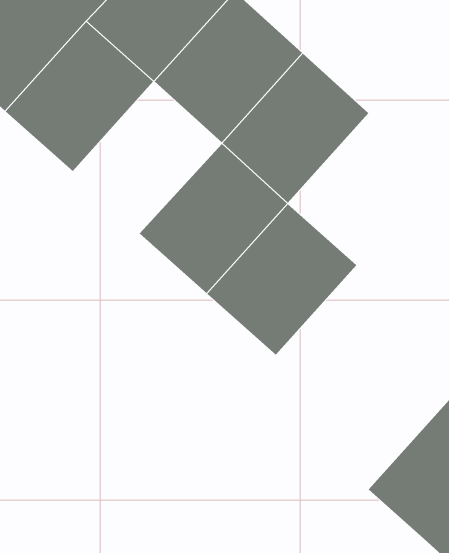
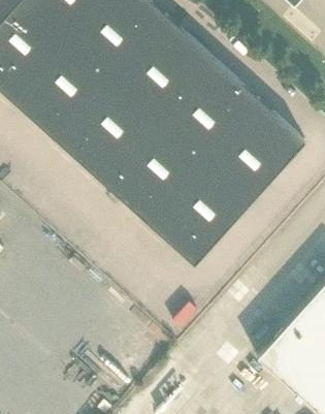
building: none -> [55,76,157,181]
building: none -> [202,98,305,202]

